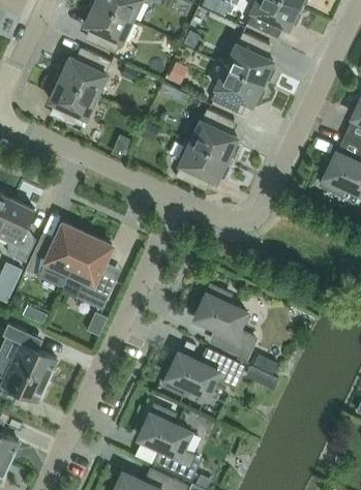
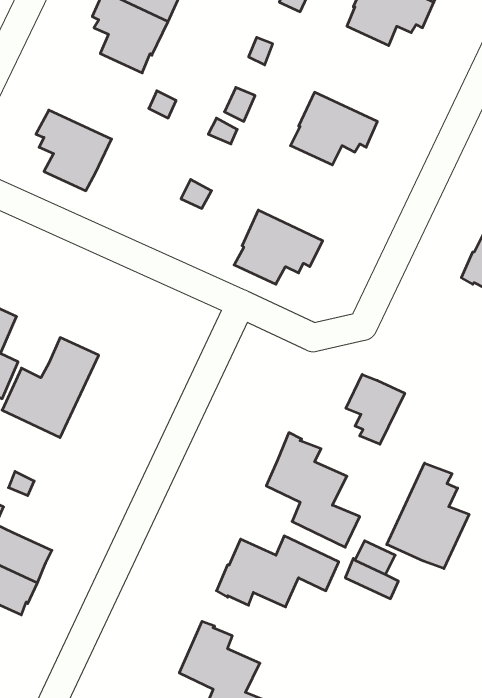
building: [227,32,275,85] -> none
building: [56,50,112,96] -> none
building: [190,109,239,161] -> none
building: [61,235,117,310] -> none
building: none -> [346,374,405,444]
building: none -> [387,463,469,569]

